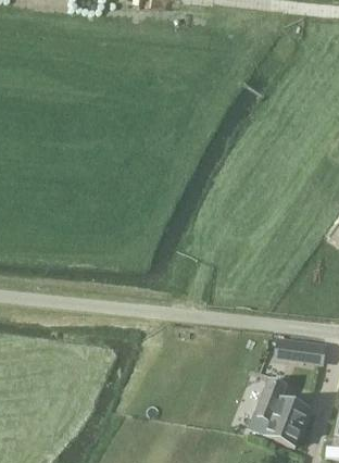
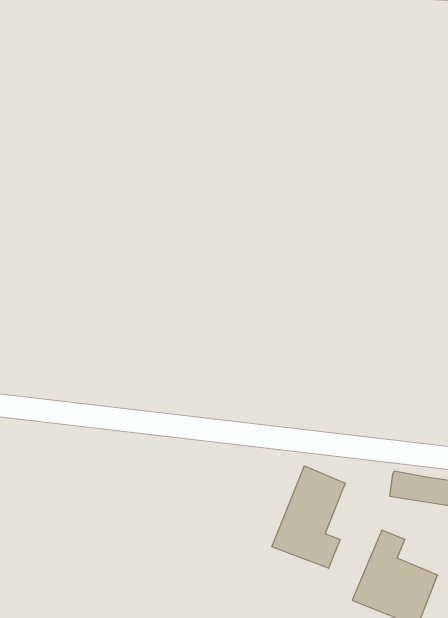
building: none -> [272,466,345,568]

